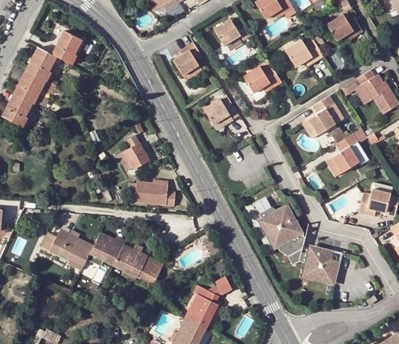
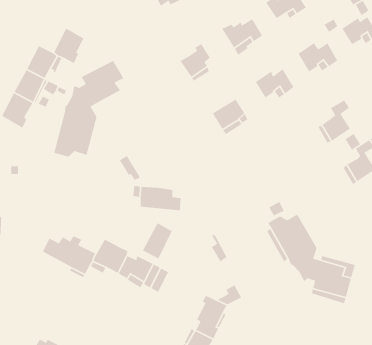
building: none -> [53,60,125,158]
building: [123,135,149,168] -> none
building: none -> [142,222,173,259]

